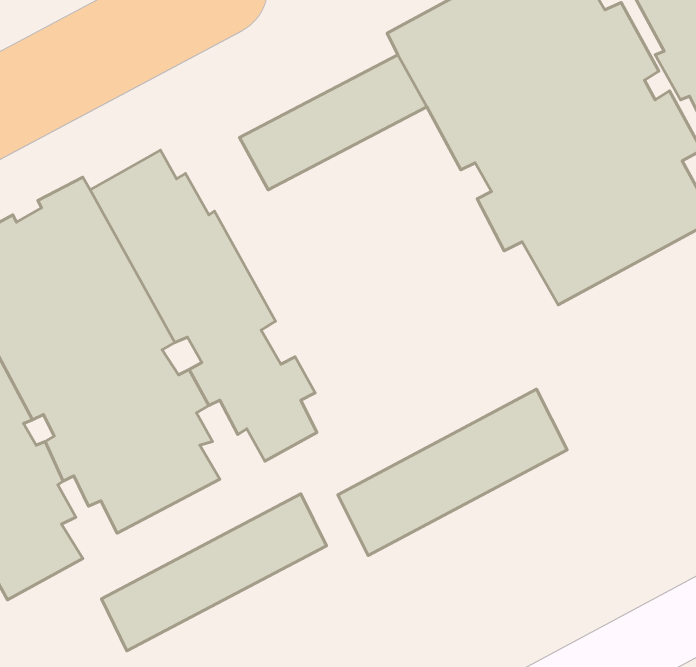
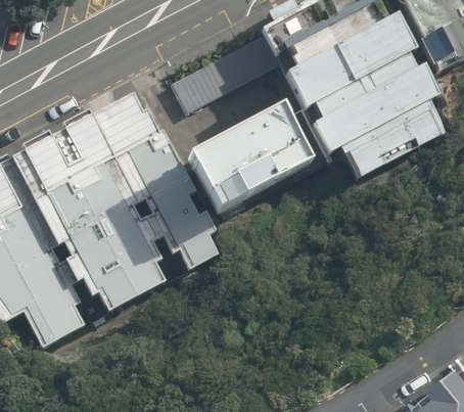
building: none -> [176,94,308,213]
building: [338,389,567,556] -> none
building: [101,494,327,651] -> none

